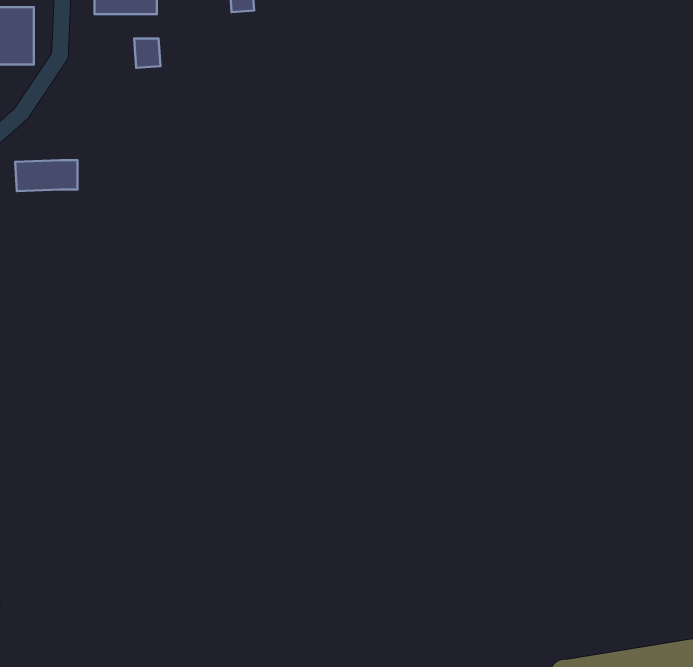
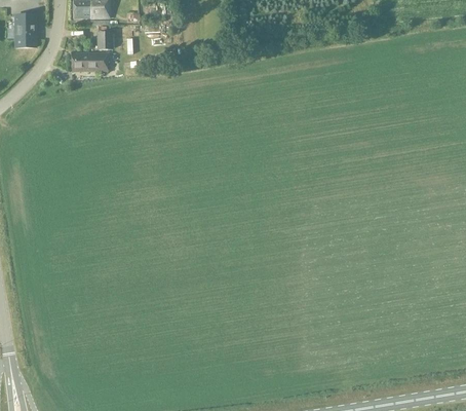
building: [15,160,78,191] -> [72,52,109,71]

